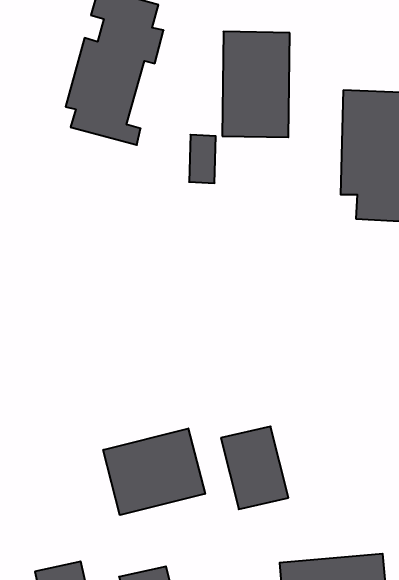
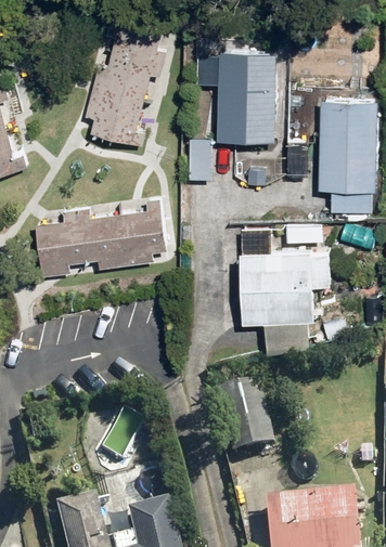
building: none -> [35,198,167,275]
building: none -> [240,249,331,354]
building: [103,428,205,515] -> none

